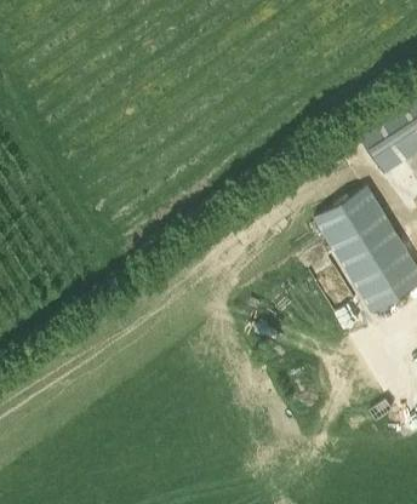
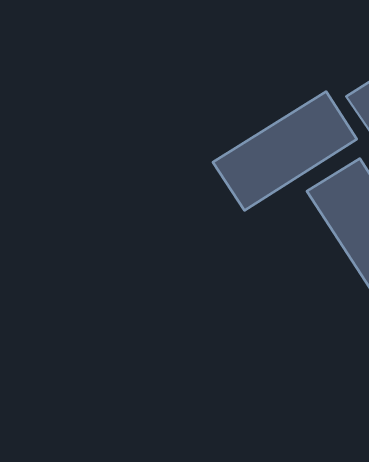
building: none -> [213,91,357,210]

